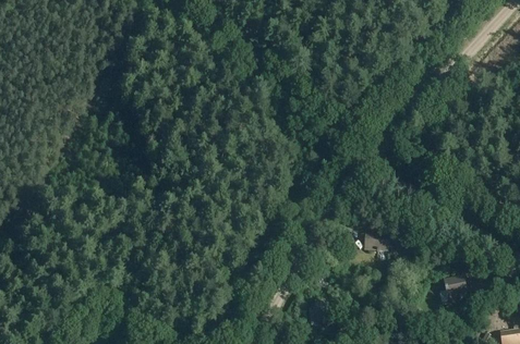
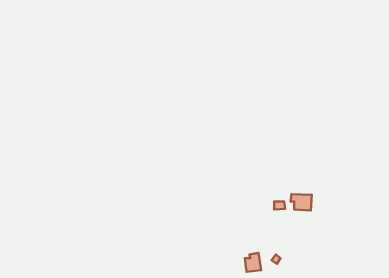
building: [443,274,468,302] -> none

